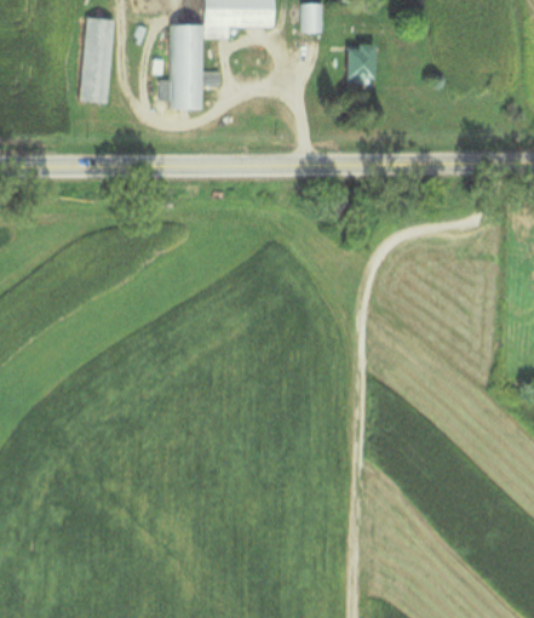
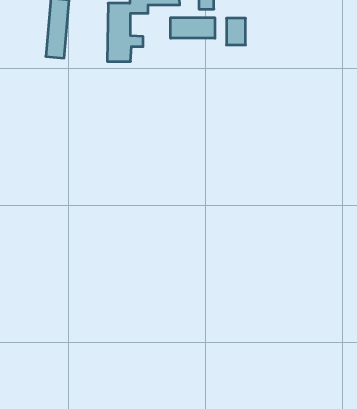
building: none -> [171,18,215,38]

